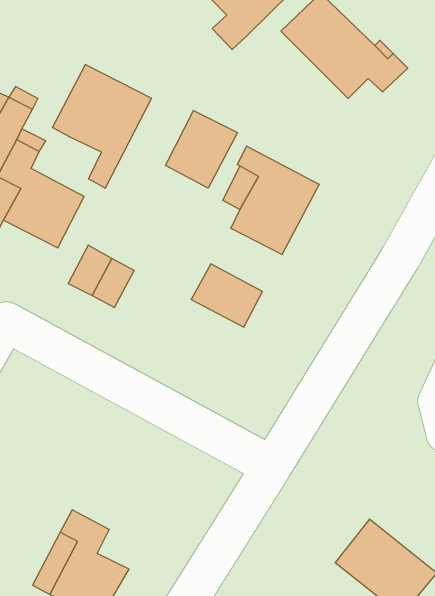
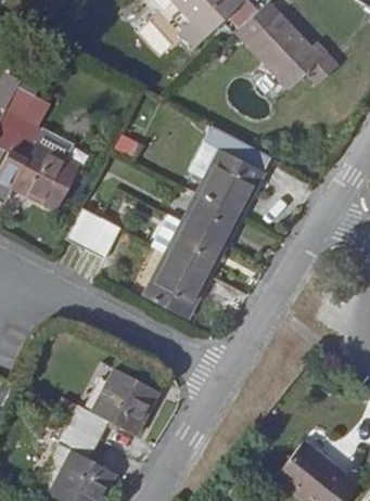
building: [52,64,151,188] -> none
building: [165,110,237,188] -> none
building: none -> [181,194,240,246]
building: none -> [142,253,208,318]
building: none -> [67,371,156,441]

